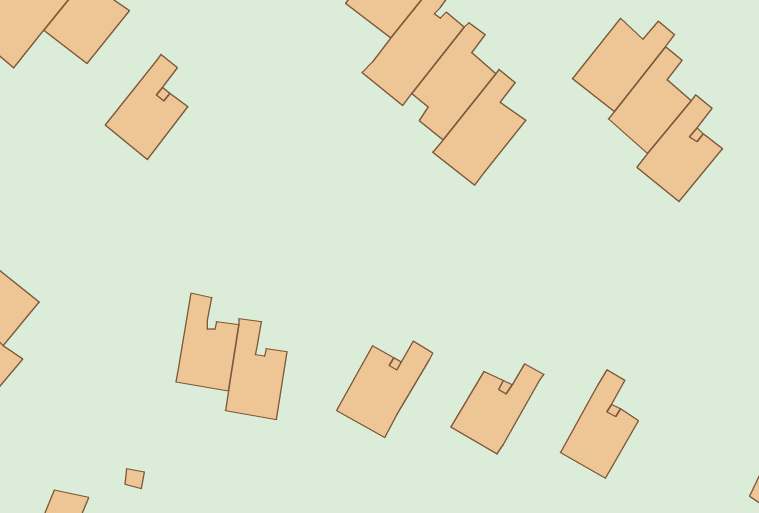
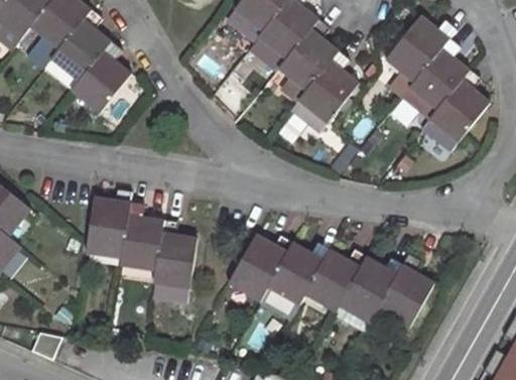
building: none -> [37,10,106,97]
building: none -> [85,189,130,255]
building: none -> [267,243,328,301]
building: none -> [339,256,402,321]

